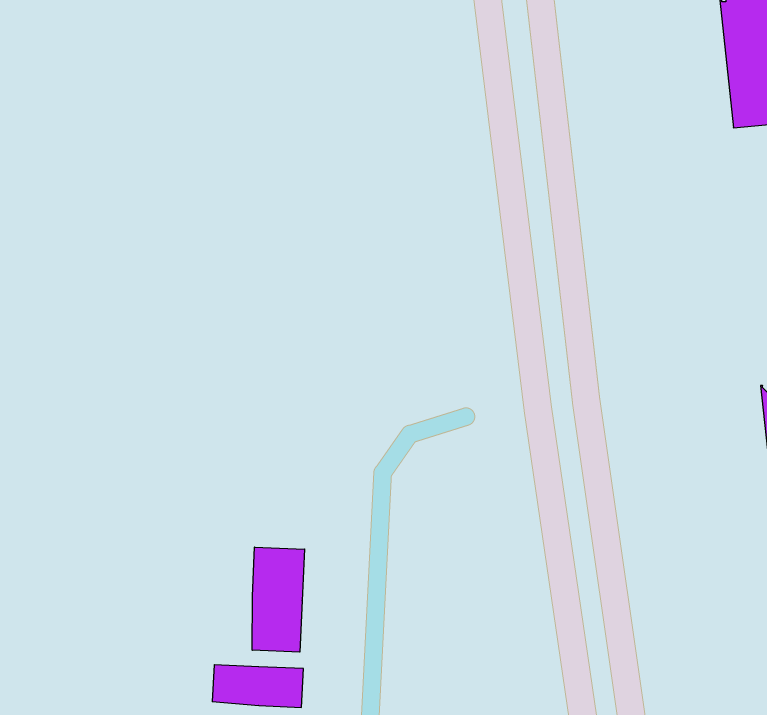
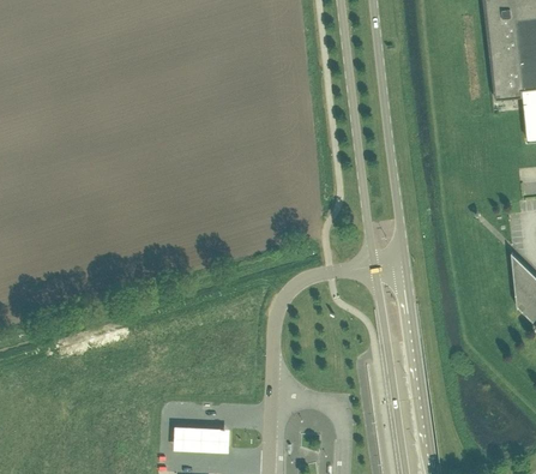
building: [252,547,305,652] -> none

